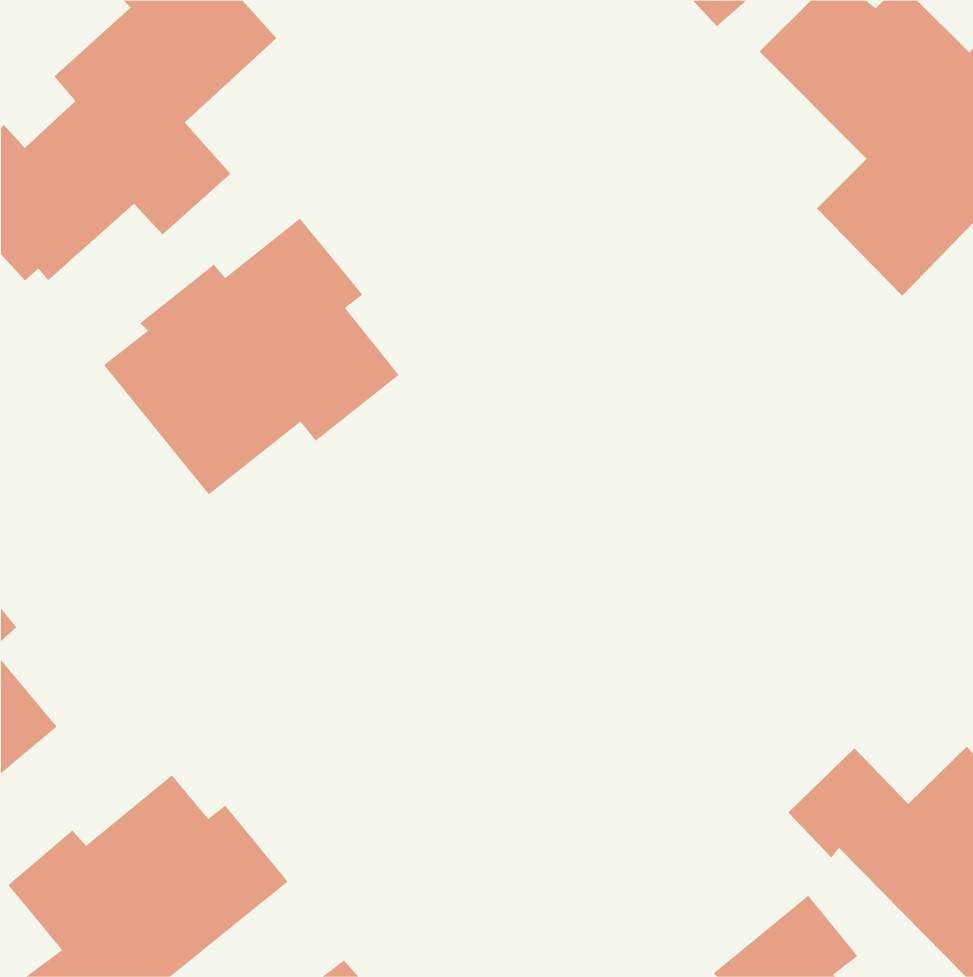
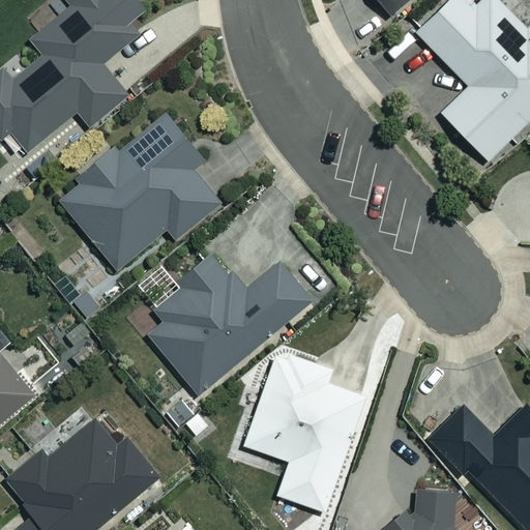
building: none -> [147,251,314,396]
building: none -> [244,346,366,510]

